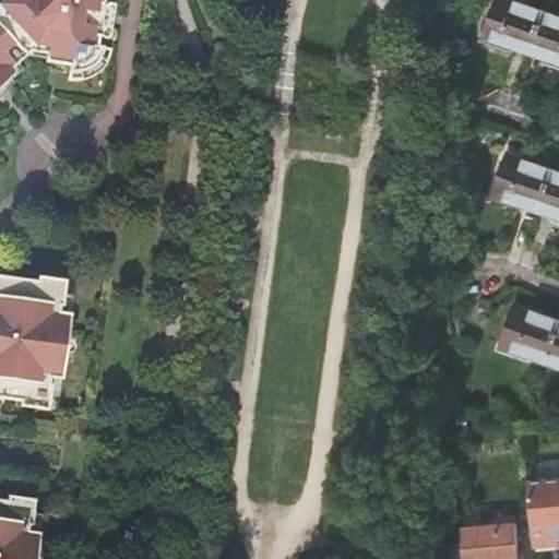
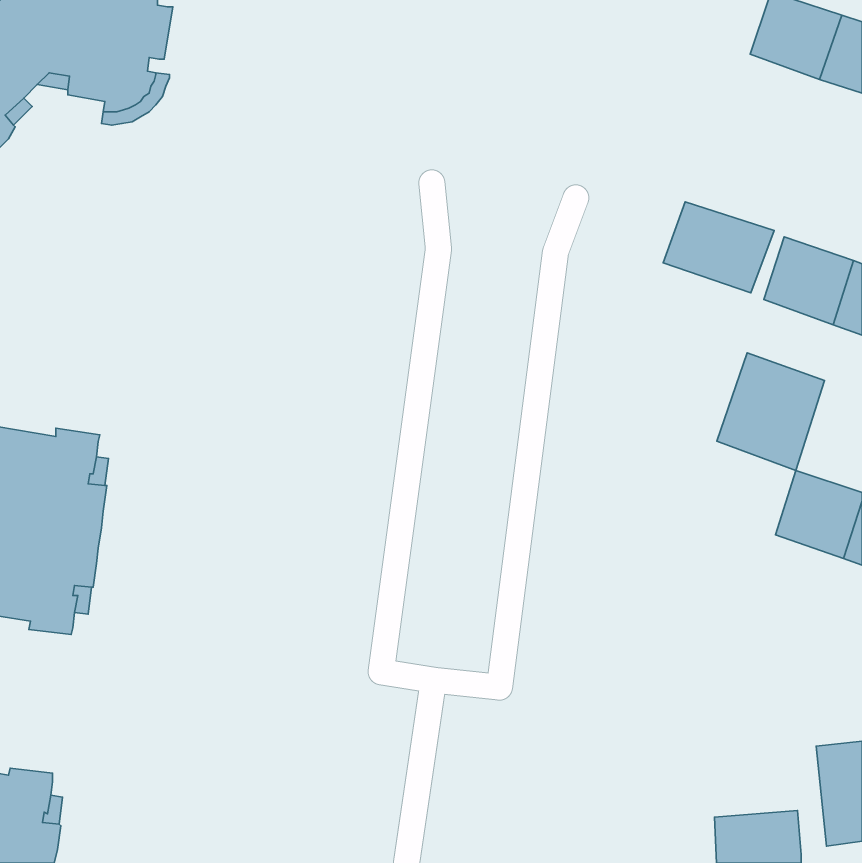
building: none -> [663,202,774,293]
building: none -> [717,353,825,470]

